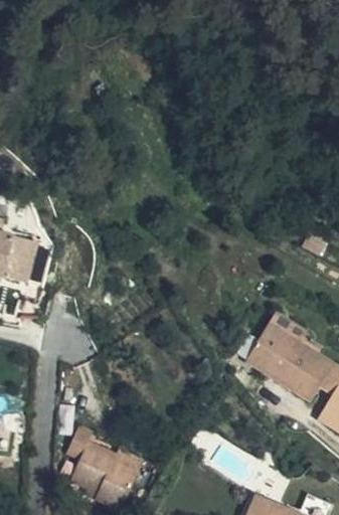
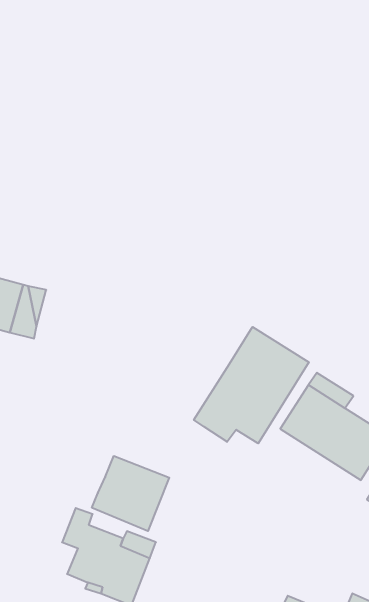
building: none -> [194,327,309,443]
building: none -> [92,456,169,531]

